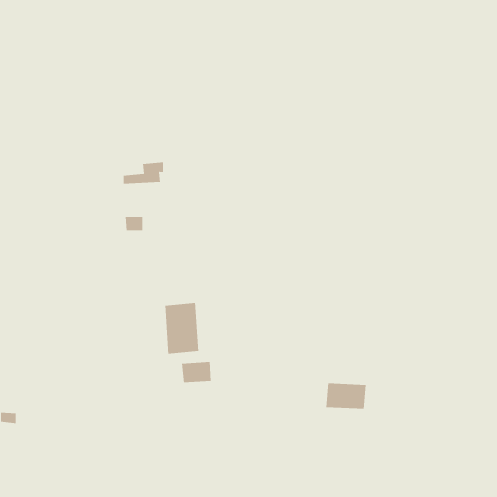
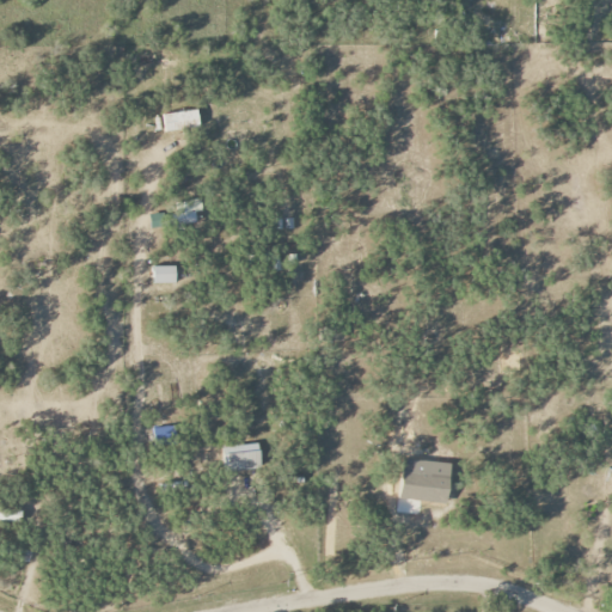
building: none -> [164,110,201,130]
building: [165,302,199,354] -> none

